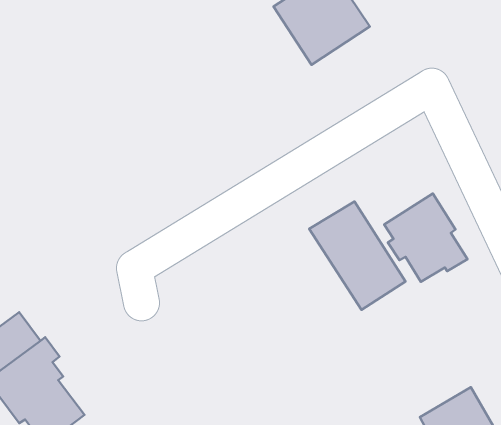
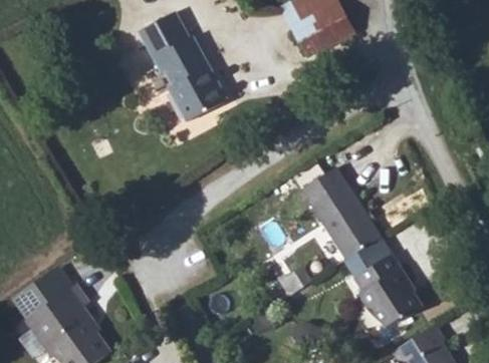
building: none -> [138,9,228,118]
building: [384,194,467,282] -> [351,253,422,327]

